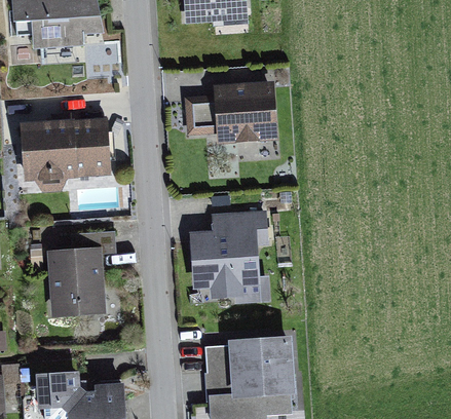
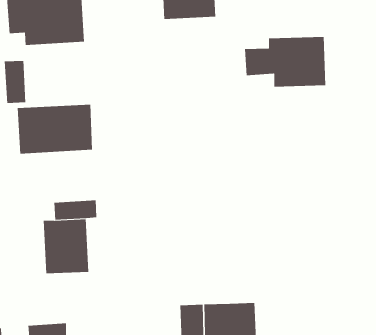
building: none -> [4,60,26,104]
building: [184,82,278,141] -> [244,36,326,87]
building: [192,216,266,303] -> none

